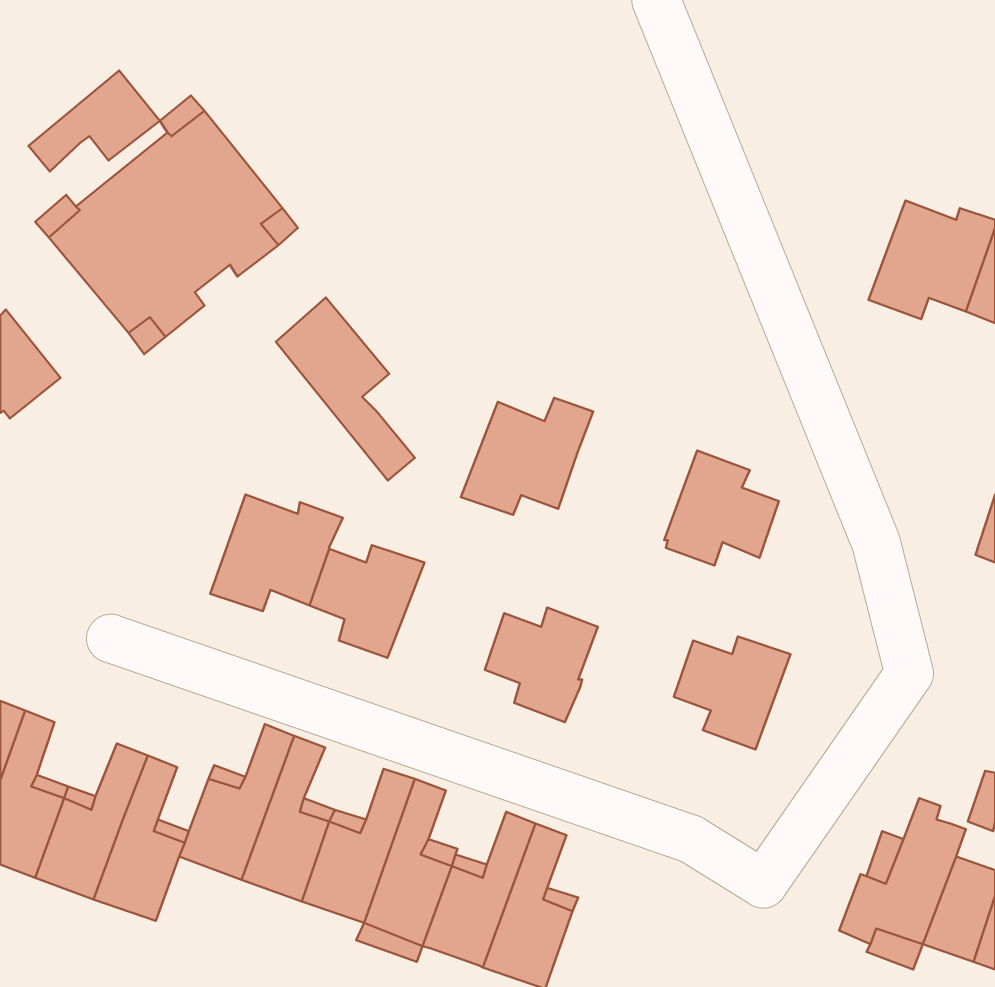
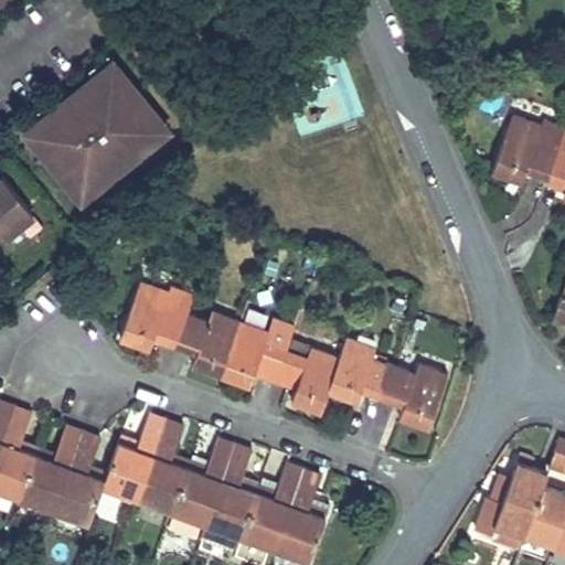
building: [28,71,160,171] -> none
building: [276,298,415,481] -> none
building: [461,398,593,515] -> [220,321,295,387]
building: [664,451,779,565] -> [328,339,393,404]

